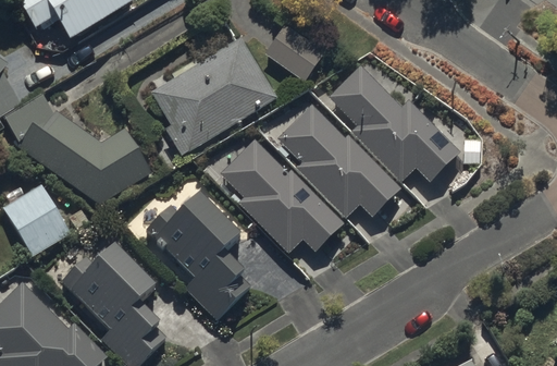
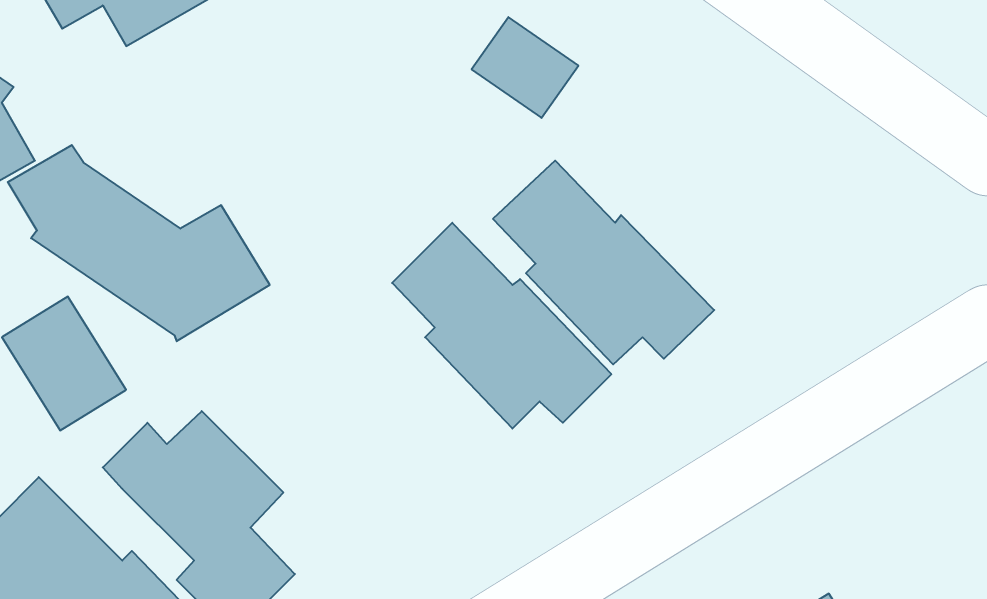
building: [146,39,277,157] -> none
building: [332,65,455,181] -> none
building: [143,194,251,321] -> none

